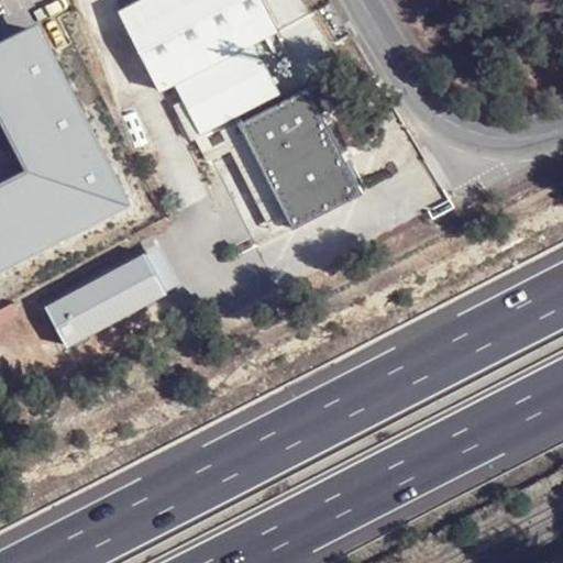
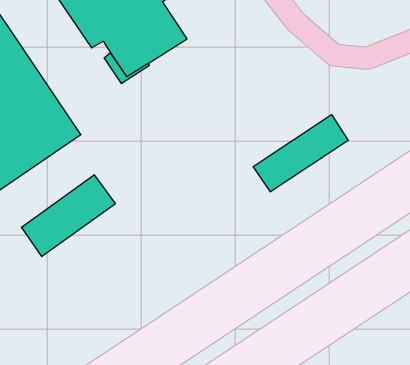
building: [239,92,360,231] -> none
building: none -> [253,115,348,192]

